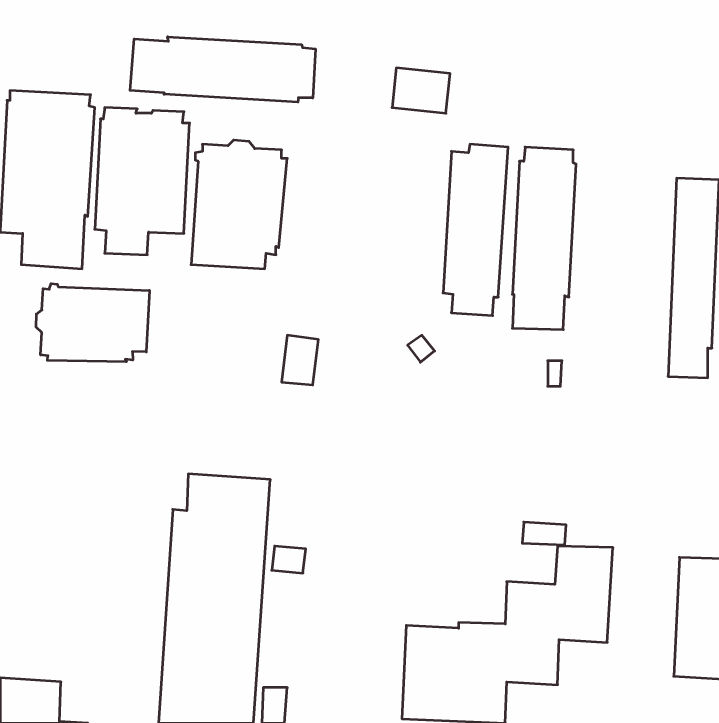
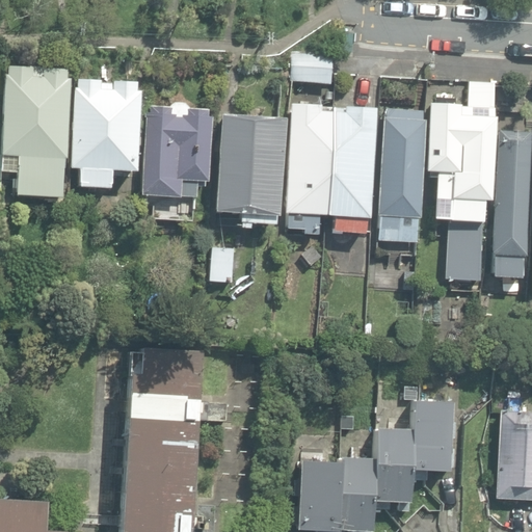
building: [130,37,315,102] -> none
building: none -> [427,81,497,281]
building: none -> [286,104,332,234]
building: none -> [216,113,285,225]
building: [36,284,149,362] -> none

